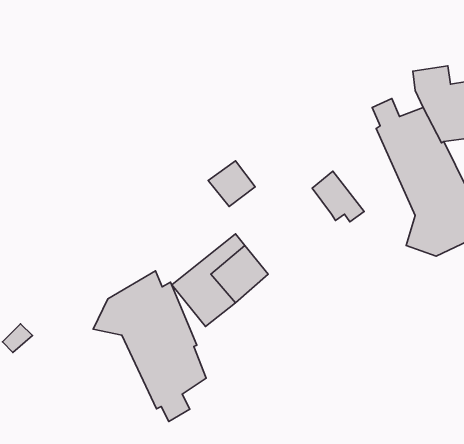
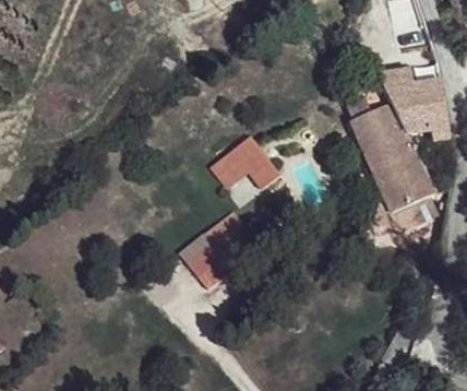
building: [312,171,364,222] -> [232,134,276,177]
building: [93,271,206,422] -> none

